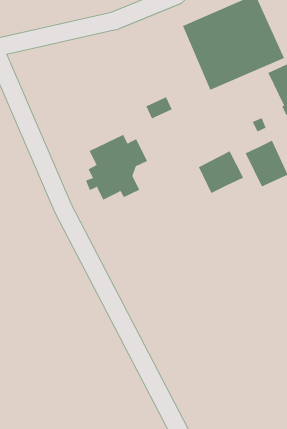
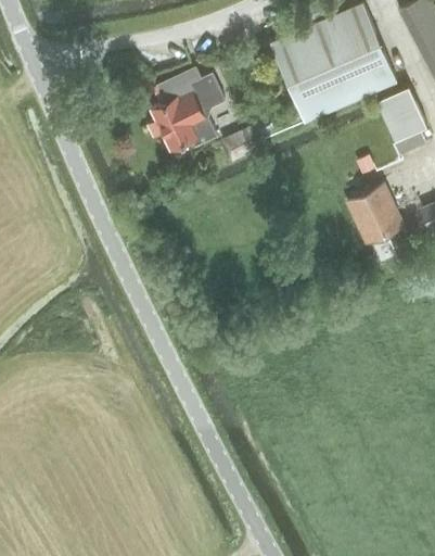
building: [85,134,148,200] -> [149,68,227,151]
building: [198,151,244,194] -> none

